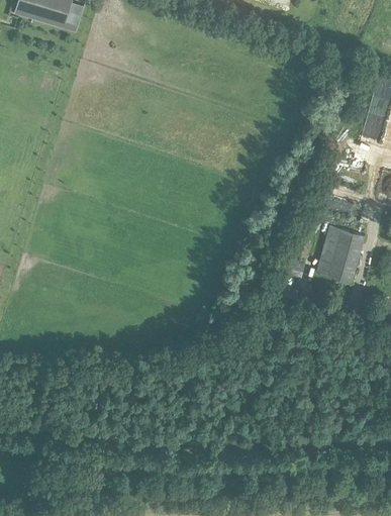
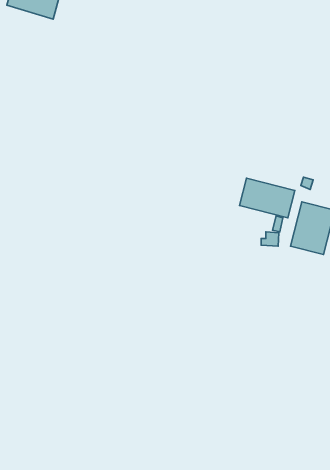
building: none -> [240,178,295,218]

